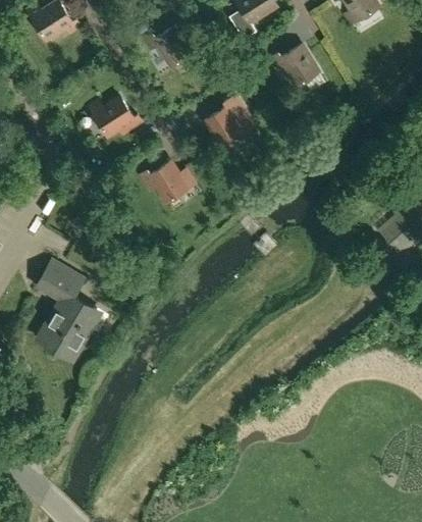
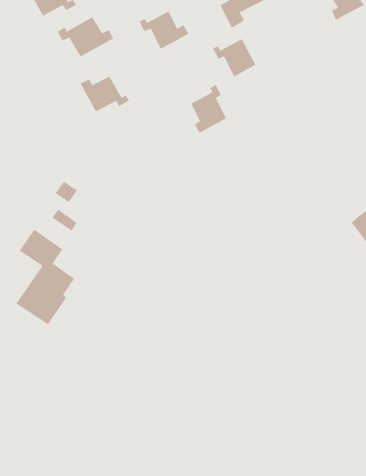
building: none -> [57,16,114,57]
building: [271,45,318,86] -> [212,38,256,77]
building: [141,161,188,202] -> none

